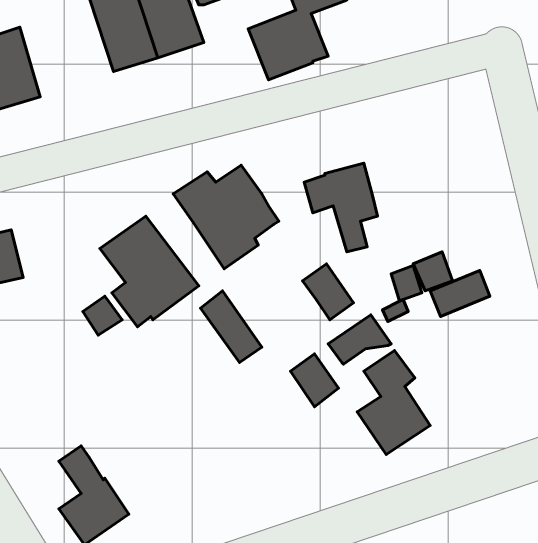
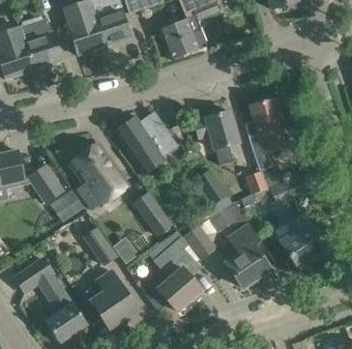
building: none -> [21,19,62,70]
building: none -> [245,94,295,153]
building: none -> [28,166,62,202]
building: none -> [281,212,326,269]
building: none -> [84,229,116,264]
building: none -> [147,234,202,311]
building: none -> [16,259,53,292]
building: none -> [90,270,138,329]

